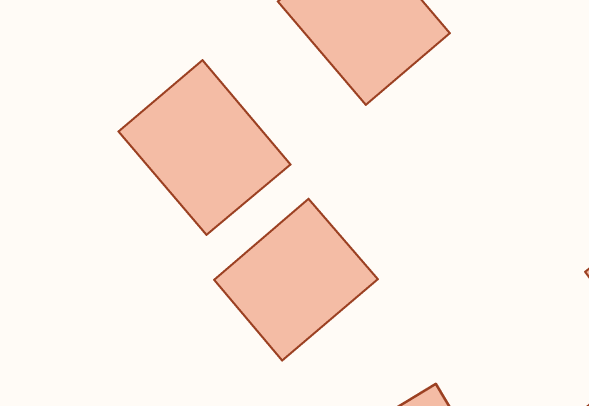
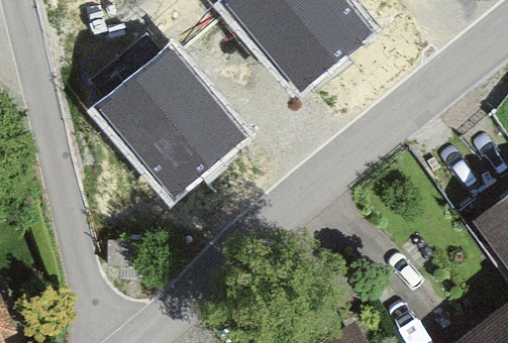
building: [214,199,378,361] -> none

